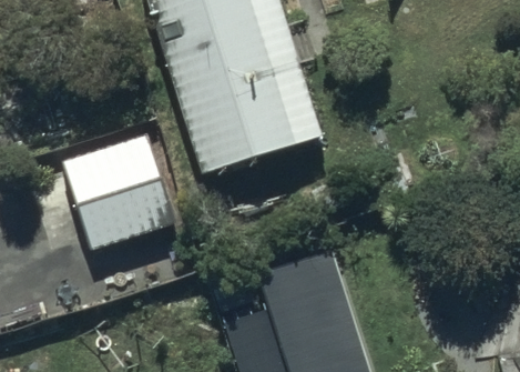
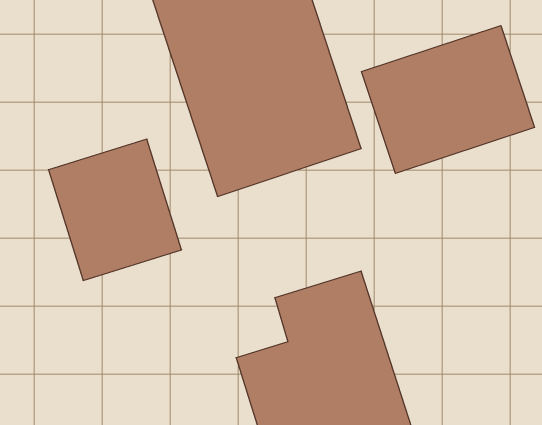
building: none -> [362,26,535,173]

